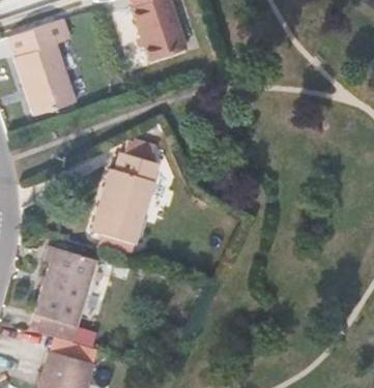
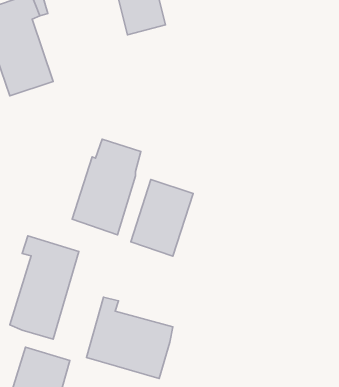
building: none -> [131,179,193,256]
building: none -> [87,297,173,379]

